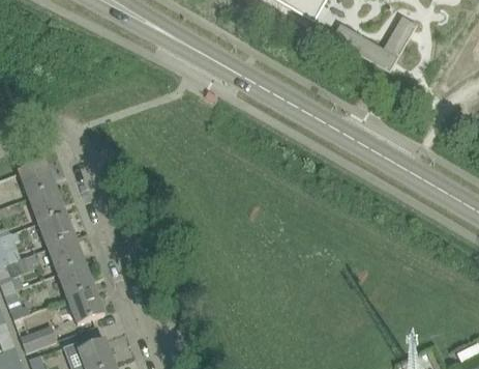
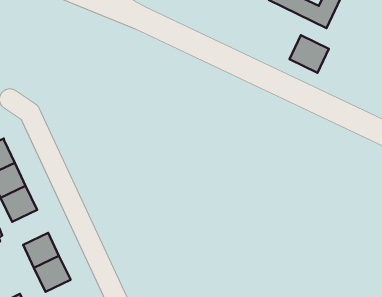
building: none -> [289,35,329,73]
building: [48,236,84,272] -> none

